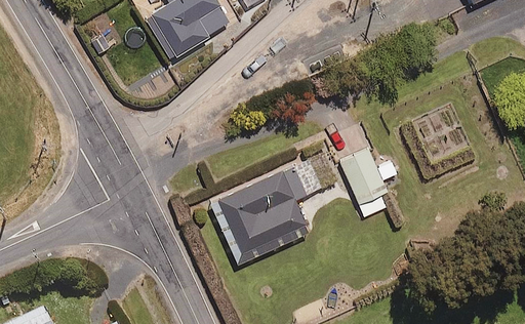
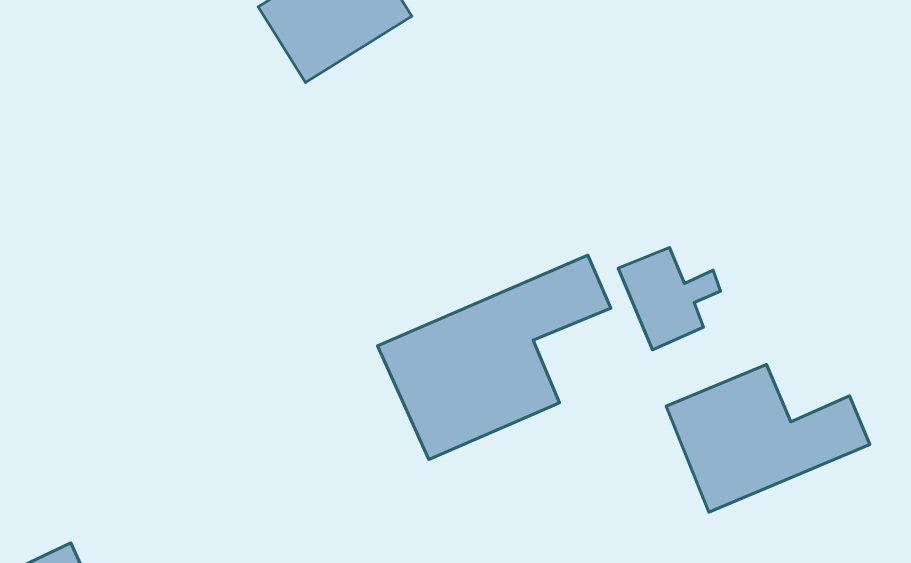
building: none -> [666,365,870,512]

